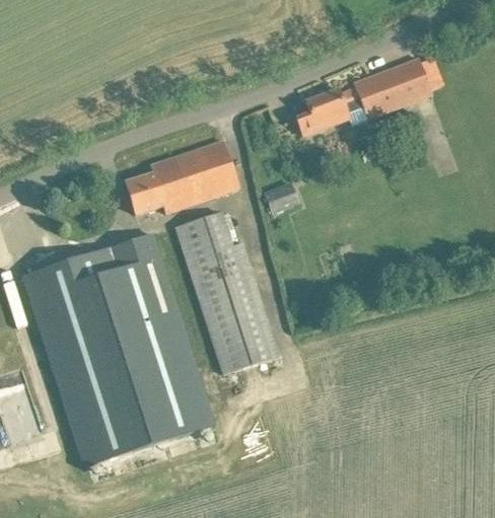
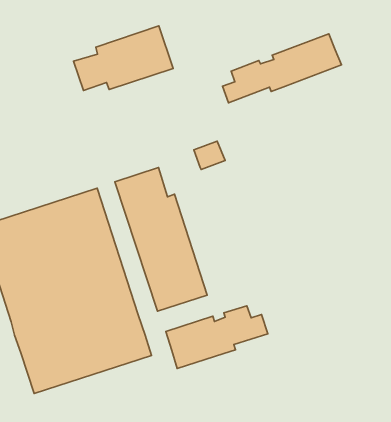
building: [126,139,239,213] -> [74,26,173,91]
building: none -> [166,306,268,368]

